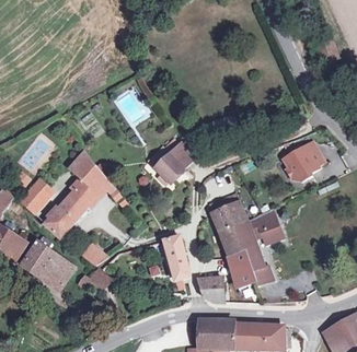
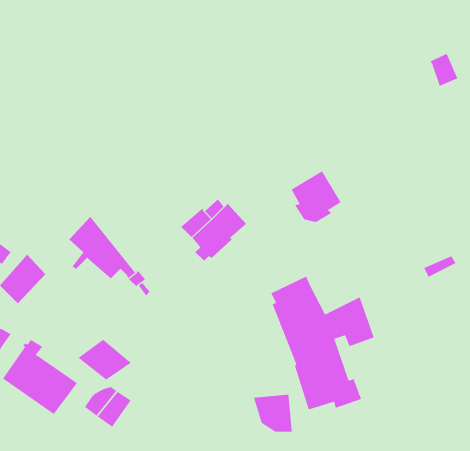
building: [283,144,318,180] -> [291,171,341,223]
building: [44,181,99,238] -> none
building: [164,236,188,281] -> none

